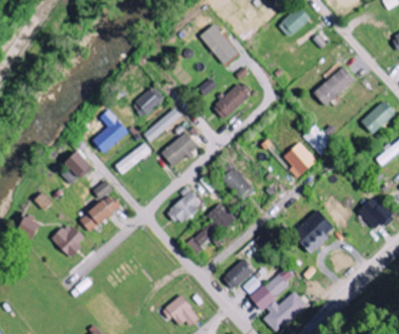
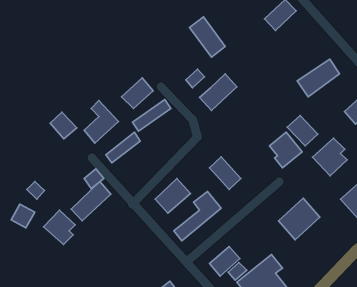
building: [161,132,197,166] -> none
building: none -> [312,138,347,176]
building: [67,152,94,179] -> [50,112,77,139]

